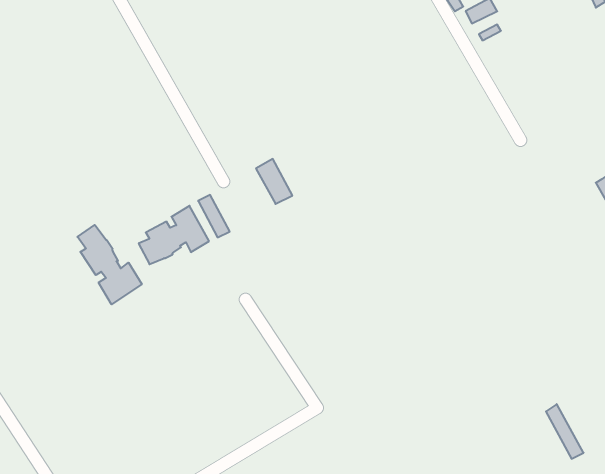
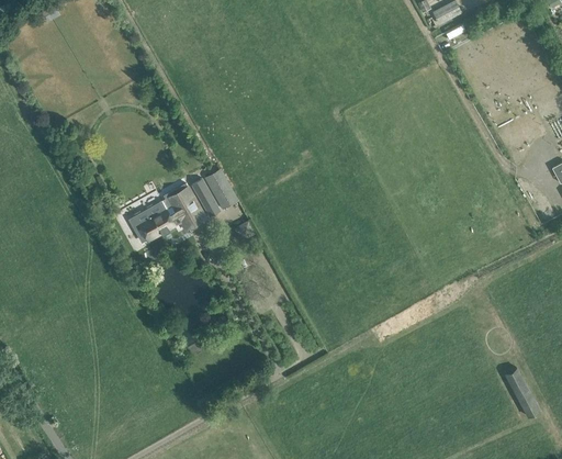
building: [256,159,292,204] -> [203,168,236,209]
building: [77,225,142,304] -> none

